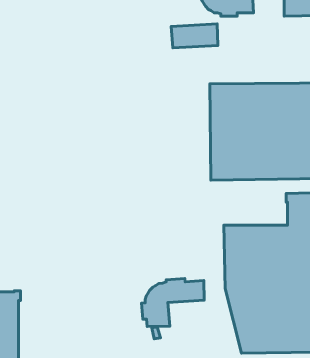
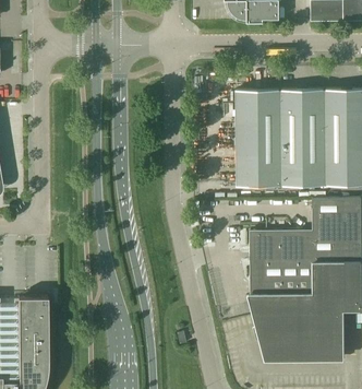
building: [171,24,218,48] -> none
building: [142,279,204,327] -> none

